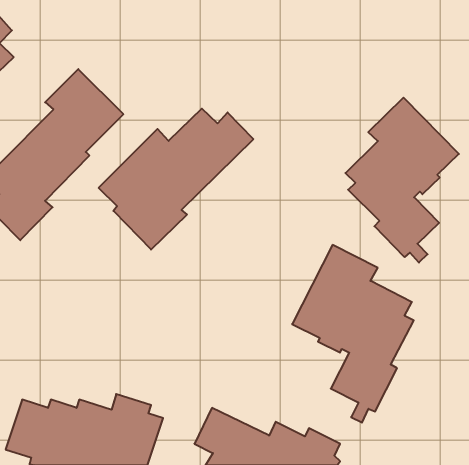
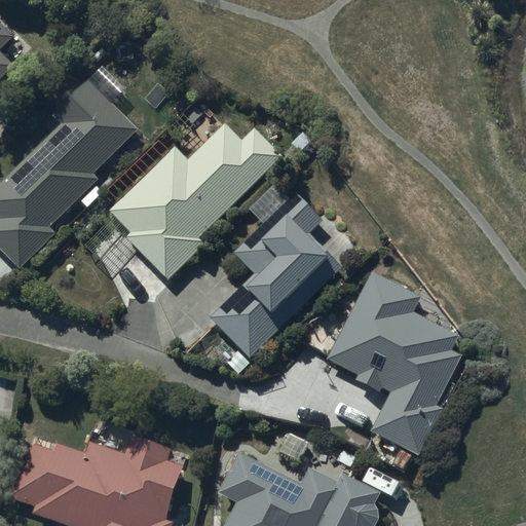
building: [345,98,459,263] -> none
building: none -> [209,186,342,374]

